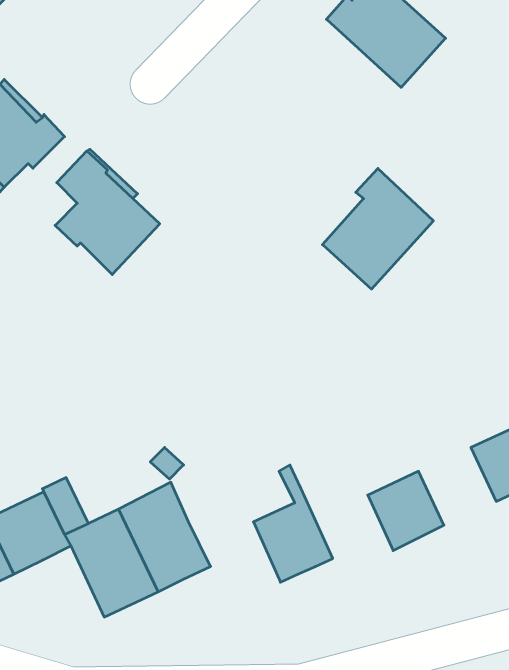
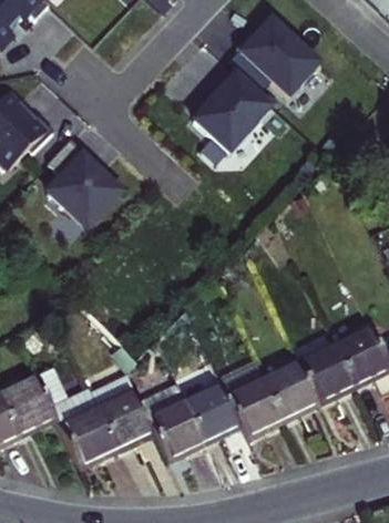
building: [322,168,433,289] -> [194,65,272,150]
building: none -> [300,346,355,400]
building: none -> [218,357,283,434]
building: none -> [140,380,204,458]

